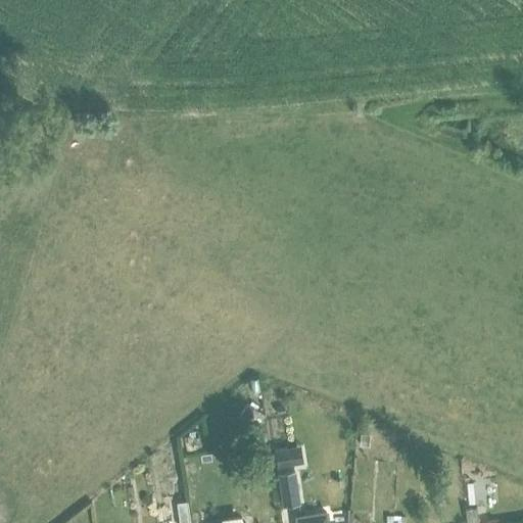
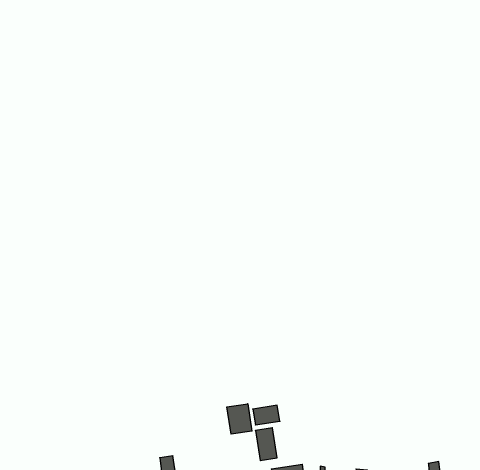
building: none -> [227,404,252,434]

